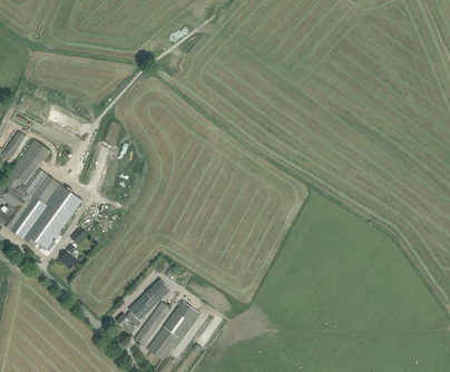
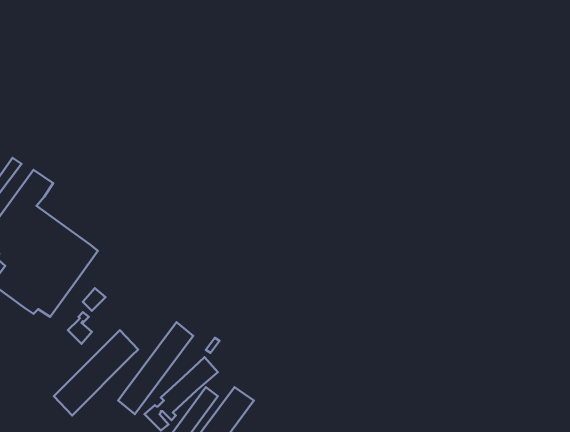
building: none -> [118,322,193,414]
building: none -> [54,330,138,415]

